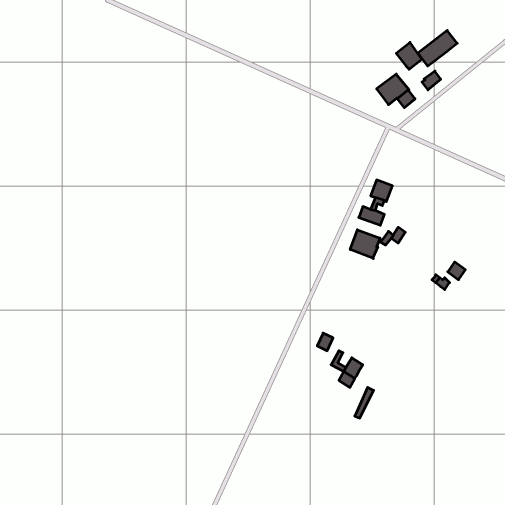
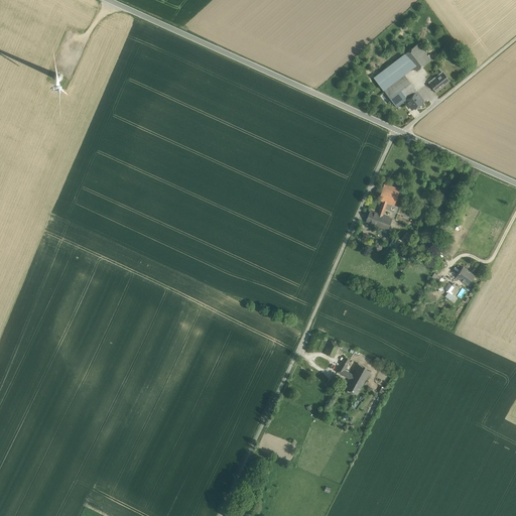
building: [418,30,457,66] -> [374,54,414,91]
building: [350,230,380,259] -> none

